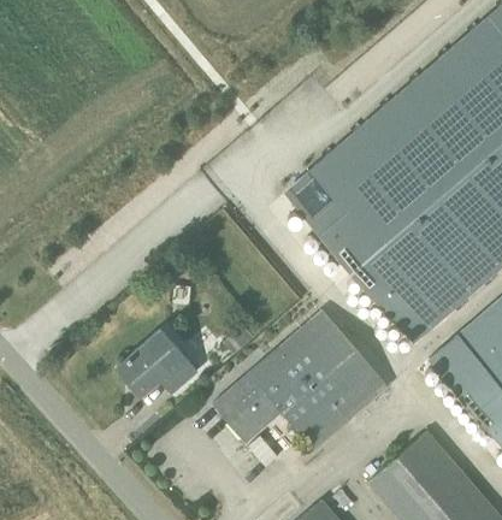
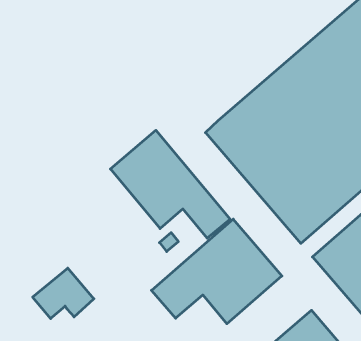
building: none -> [110,130,230,238]
building: [116,329,197,396] -> [33,268,94,319]

